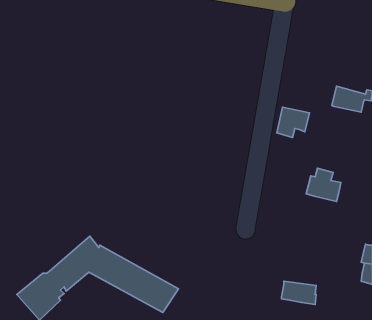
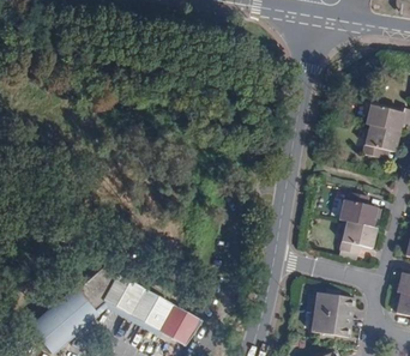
building: [277,107,309,137] -> [362,125,397,157]
building: none -> [339,221,375,253]
building: none -> [314,292,354,316]

